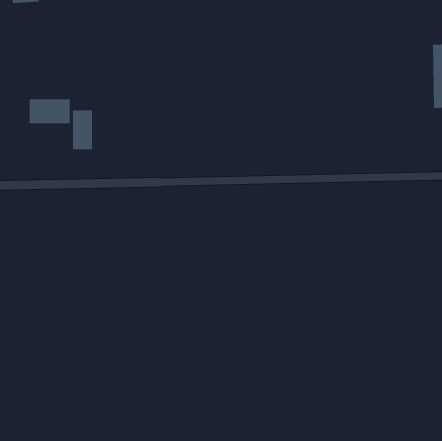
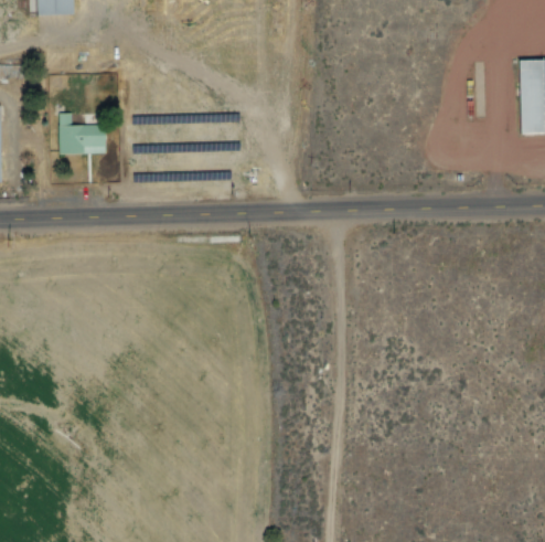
building: [72,110,92,150] -> none

